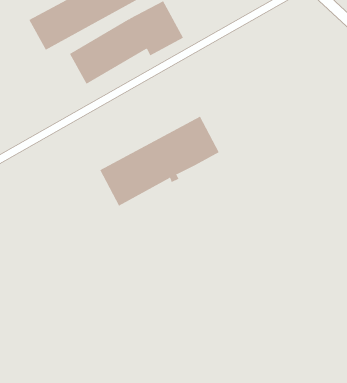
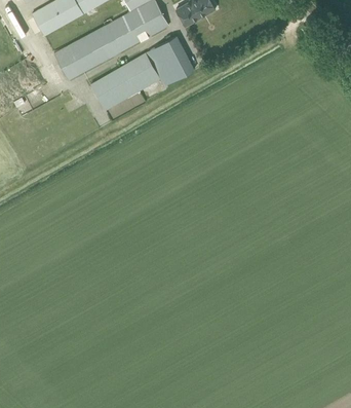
building: [99,116,220,206] -> none

